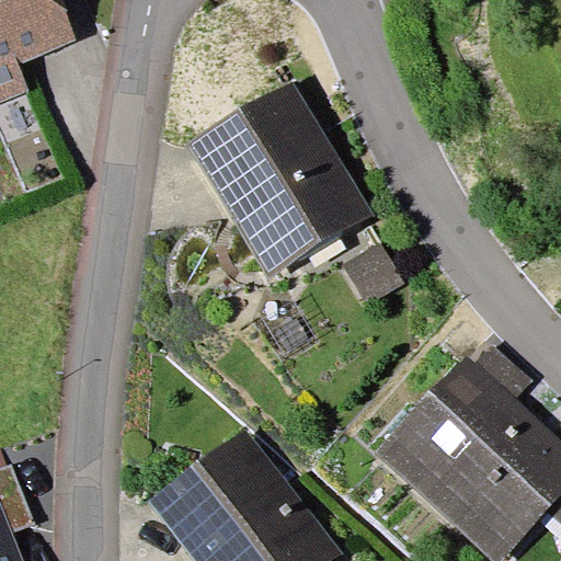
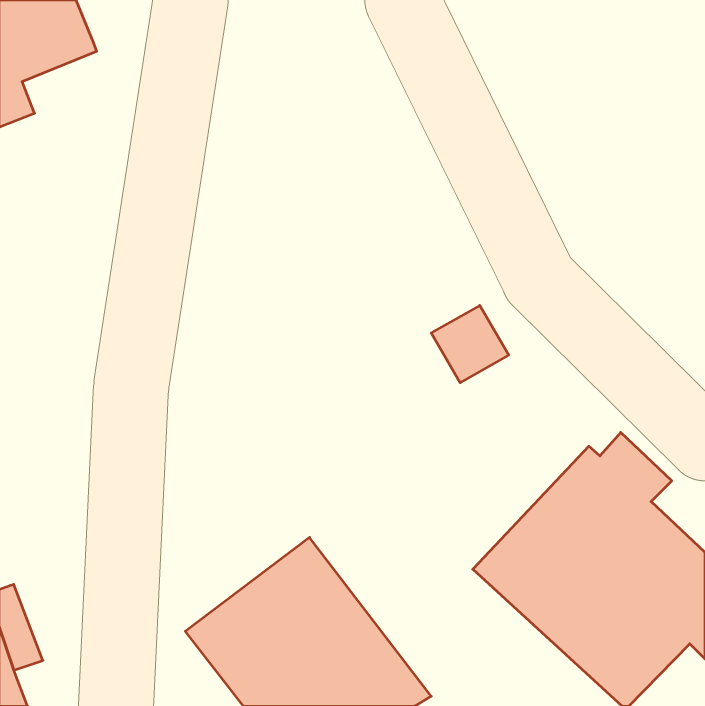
building: [187,81,374,278] -> none

